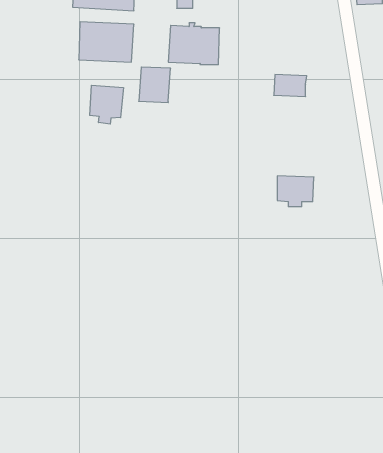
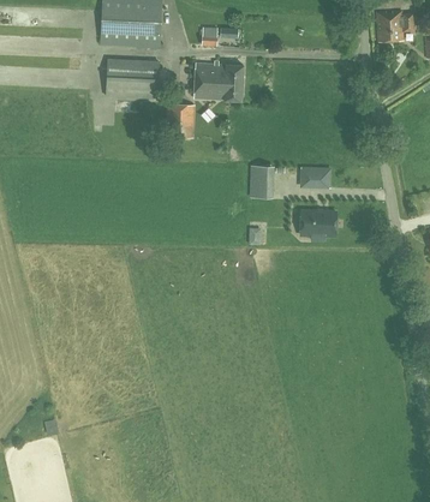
building: [274,75,307,97] -> [298,166,330,187]
building: [90,85,123,124] -> none
building: none -> [249,163,273,197]

